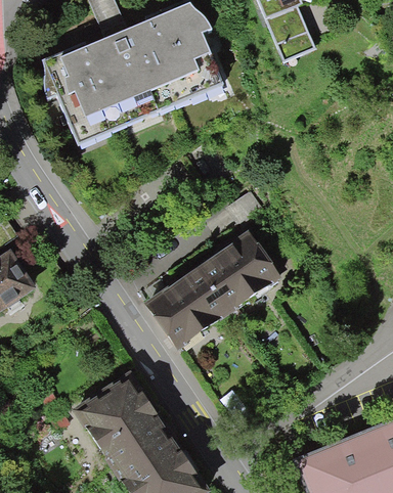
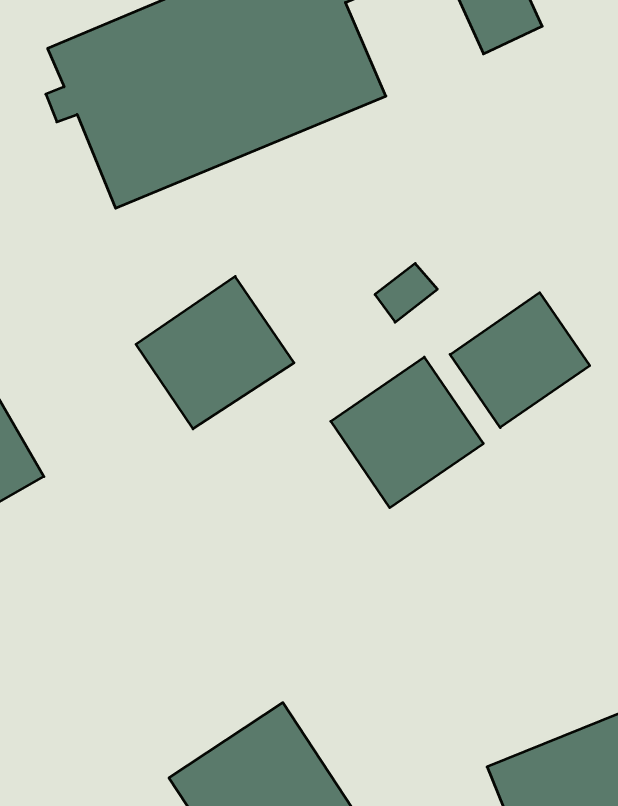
building: none -> [450,293,590,428]
building: [145,267,233,352] -> [136,276,294,429]
building: [73,366,174,465] -> none

